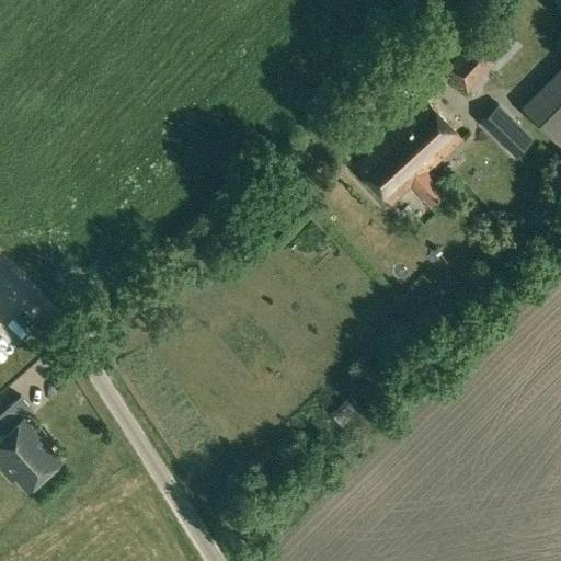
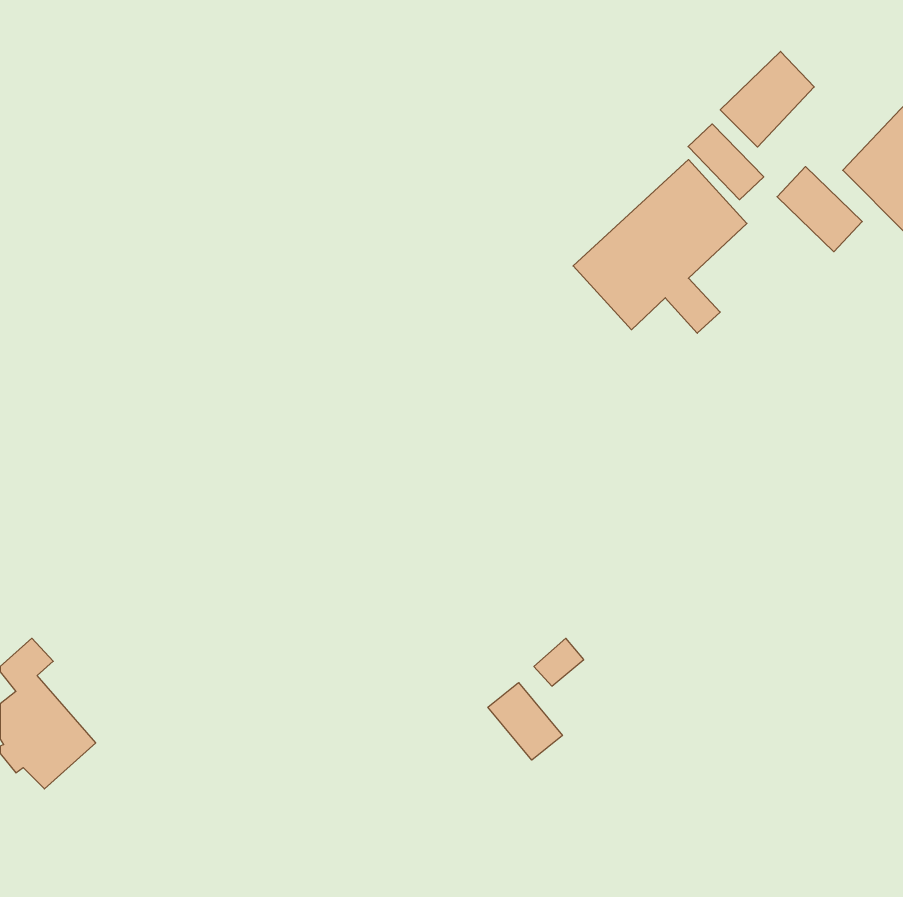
building: none -> [688,124,764,200]
building: none -> [488,683,562,760]

